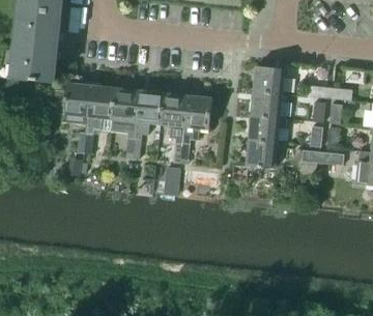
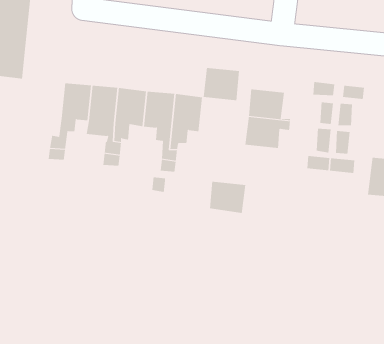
building: [252,65,284,94] -> [203,67,240,101]
building: [51,84,90,123] -> none
building: [245,140,277,168] -> [209,181,246,213]

